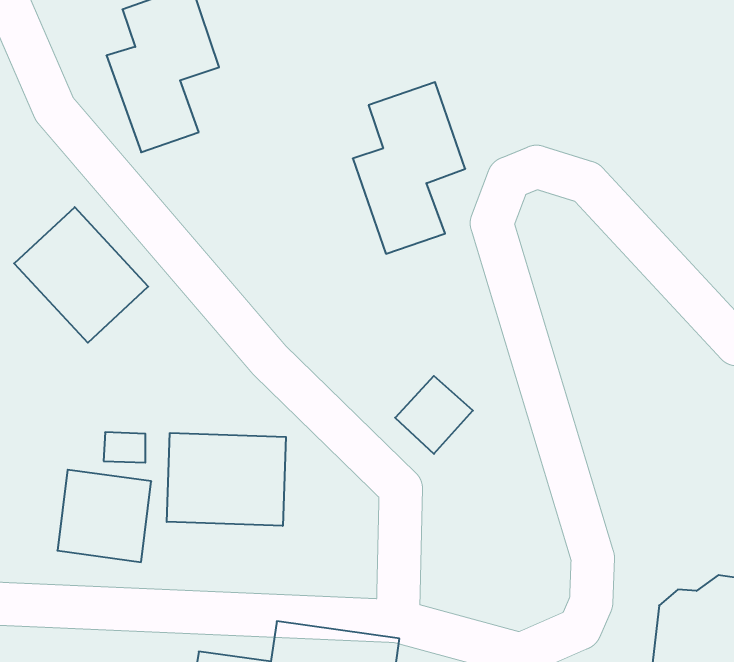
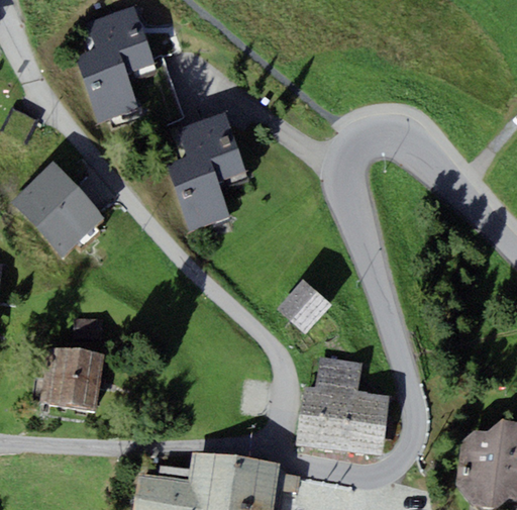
building: [353,82,465,254] -> [167,111,245,231]
building: [167,433,286,526] -> none
building: none -> [296,358,389,455]

